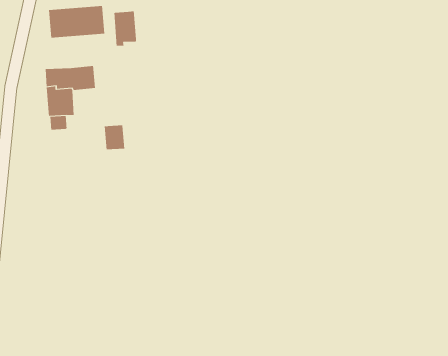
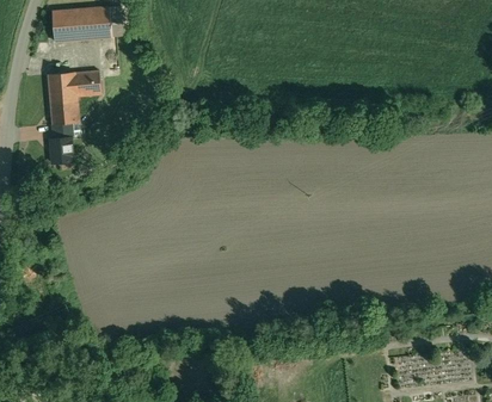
building: [114,10,137,47] -> none
building: [104,125,125,150] -> [50,137,73,163]

